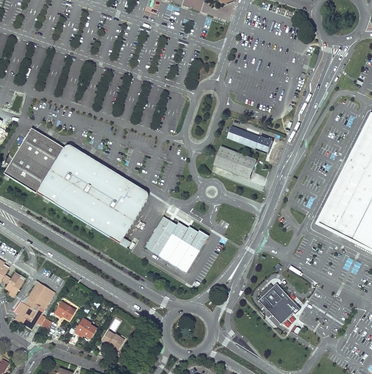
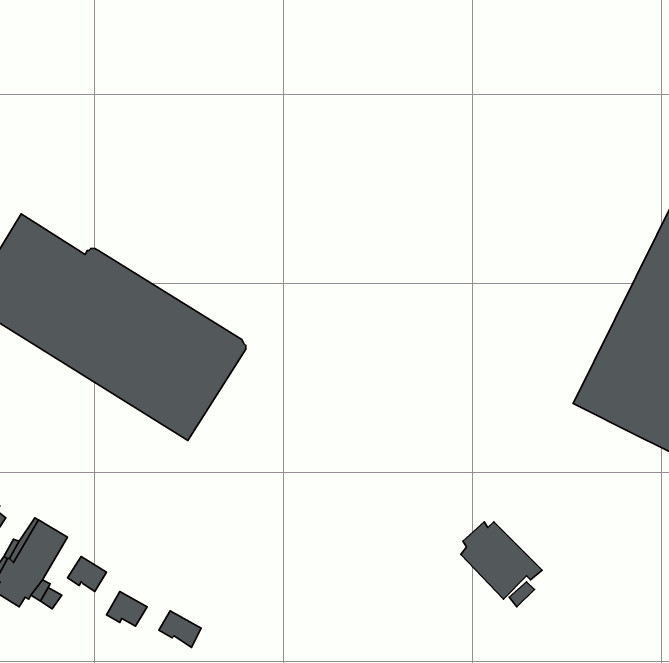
building: [227,125,273,154] -> none
building: [214,146,257,178] -> none
building: [144,216,208,272] -> none

